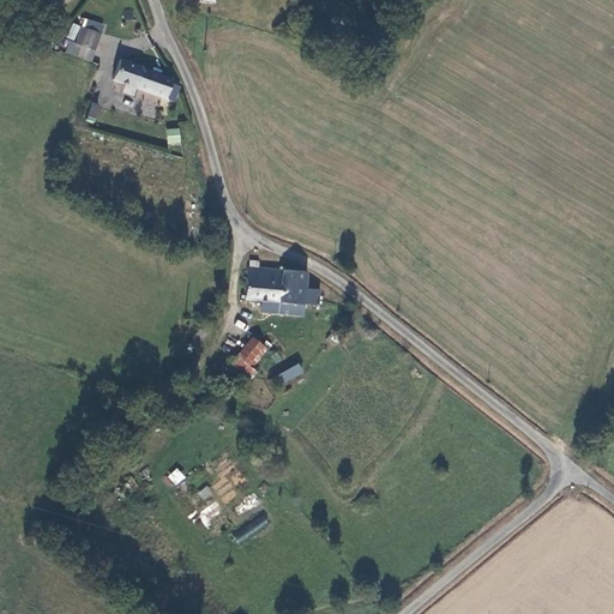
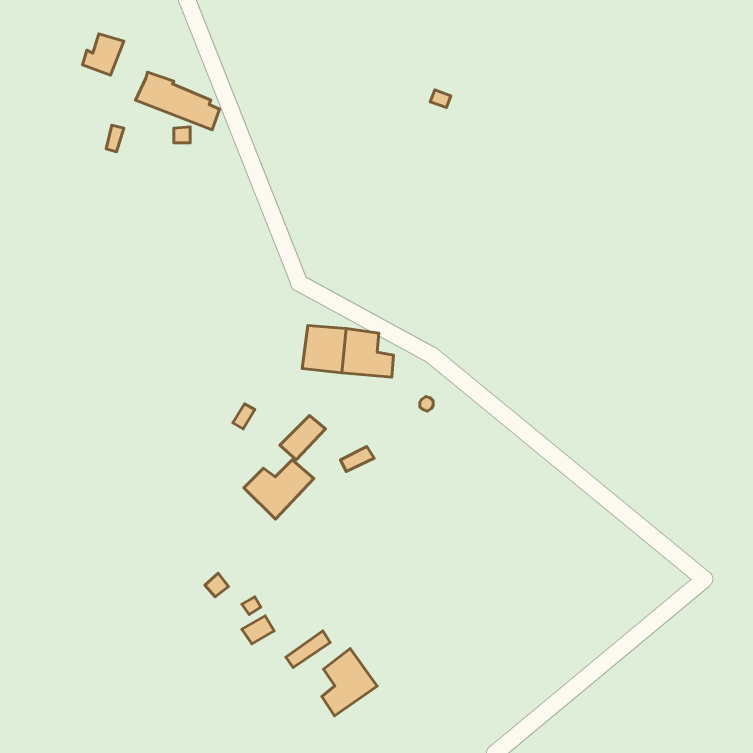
building: none -> [244,460,314,519]
building: none -> [322,648,377,716]

